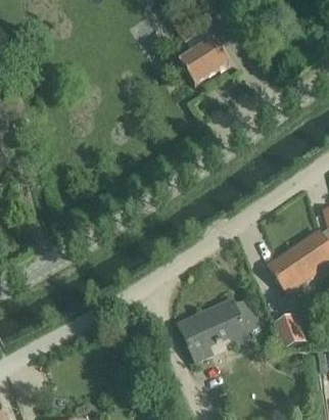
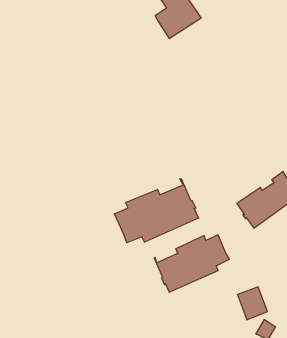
building: none -> [114,179,199,243]
building: [273,312,306,347] -> [237,287,267,320]

